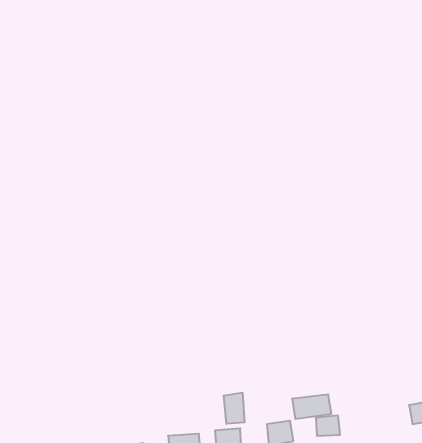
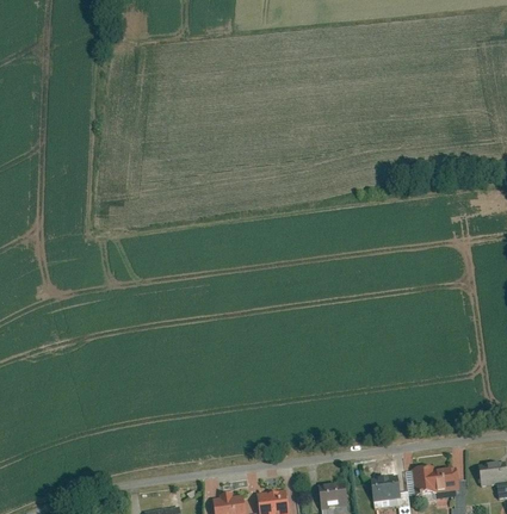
building: [224,393,244,424] -> none
building: [292,395,331,419] -> [410,467,455,495]

